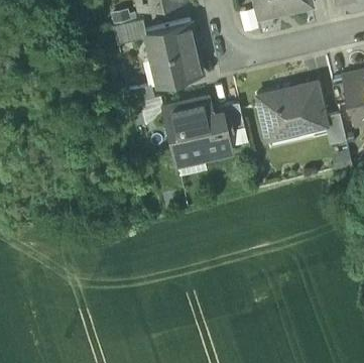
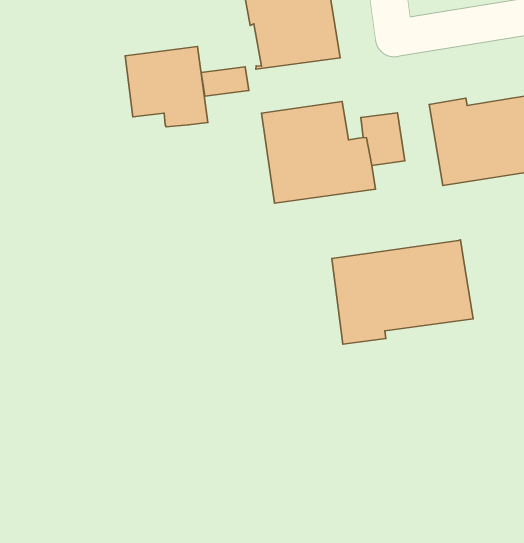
building: none -> [125,46,208,127]
building: none -> [332,240,473,344]

